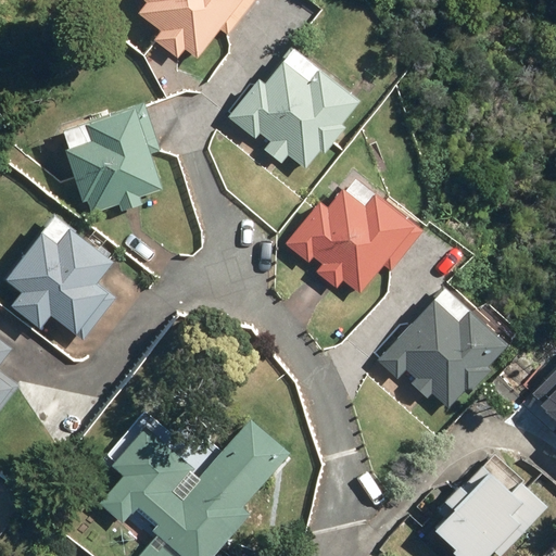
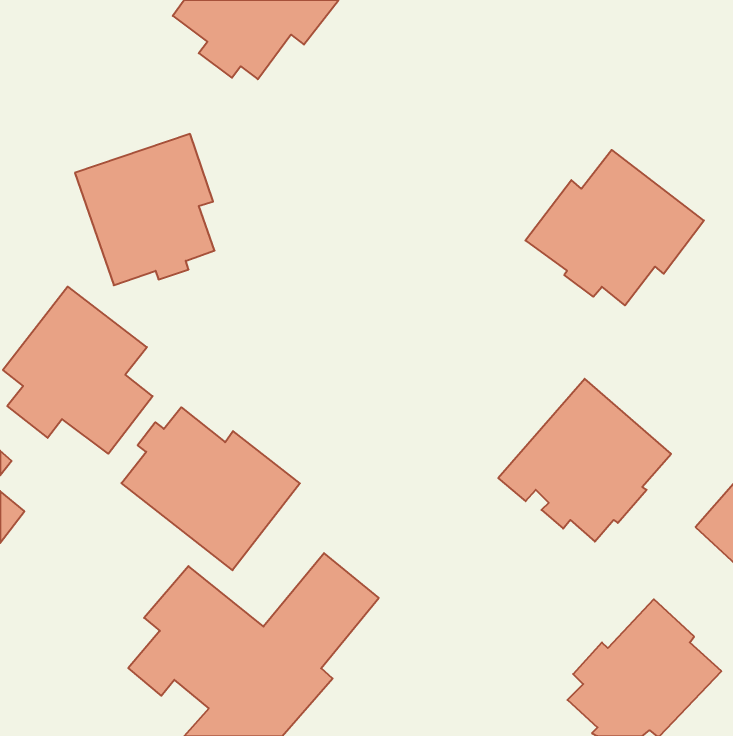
building: [227,48,359,169] -> none
building: [286,177,420,294] -> [525,150,704,305]
building: none -> [121,407,300,570]

